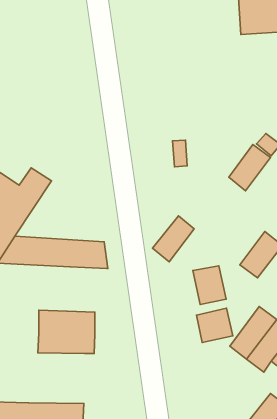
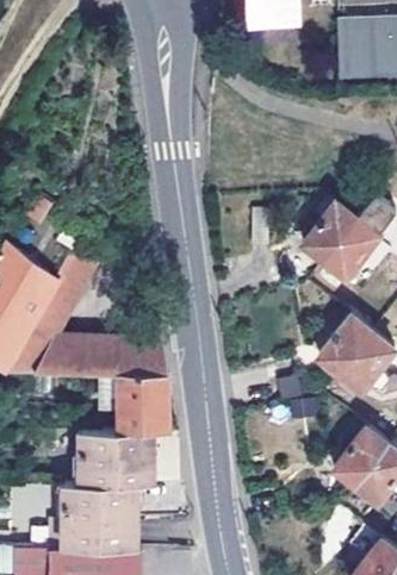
building: none -> [303,202,355,261]
building: [153,216,194,262] -> [317,314,371,374]
building: none -> [116,376,167,435]
building: [196,308,233,343] -> none
building: none -> [66,487,138,552]

